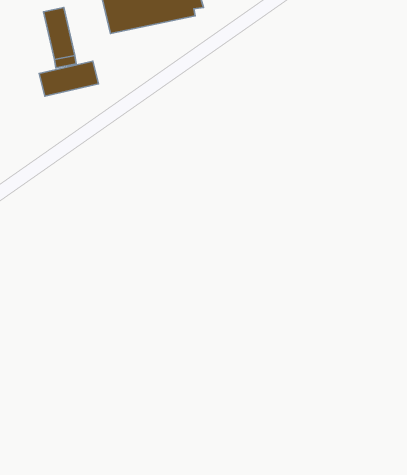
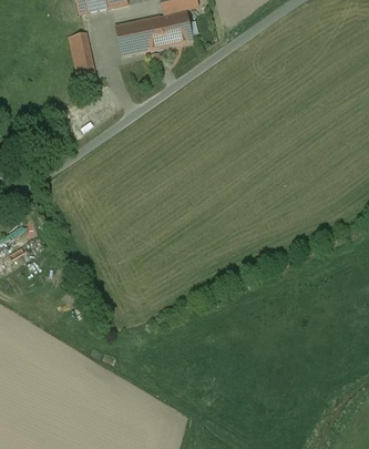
building: [39,61,99,96] -> none

